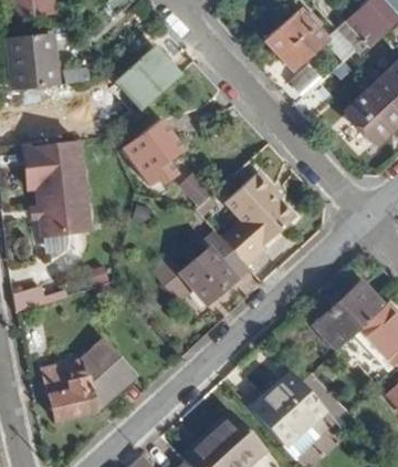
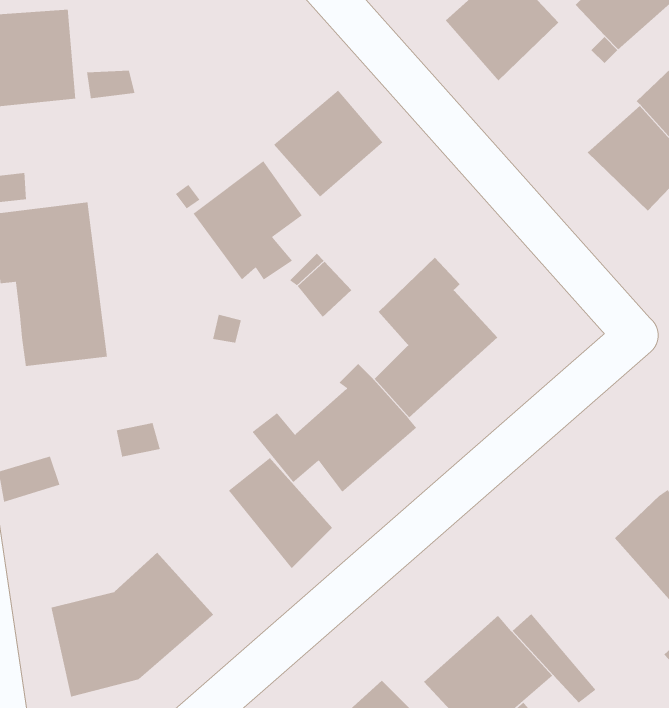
building: [116,48,178,108] -> [273,89,383,198]
building: [313,280,385,351] -> none
building: none -> [228,457,333,569]

